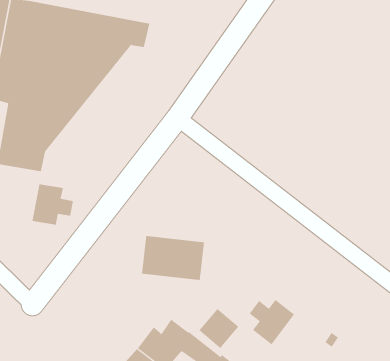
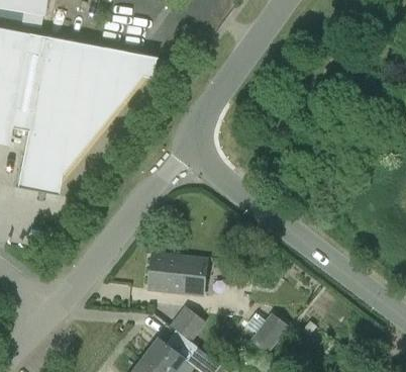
building: [32,183,73,225] -> none
building: [198,308,239,349] -> [170,302,207,340]

